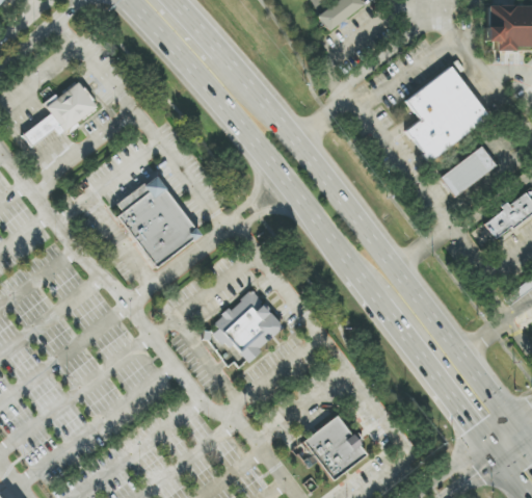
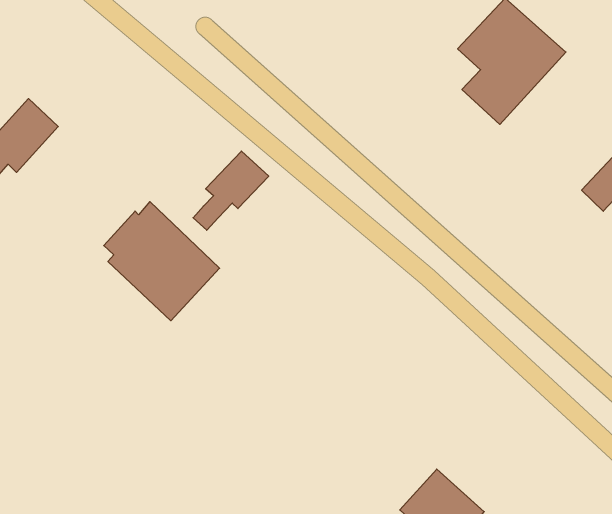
building: [442,146,498,195] -> none
building: none -> [193,151,269,230]
building: [212,286,285,365] -> none

